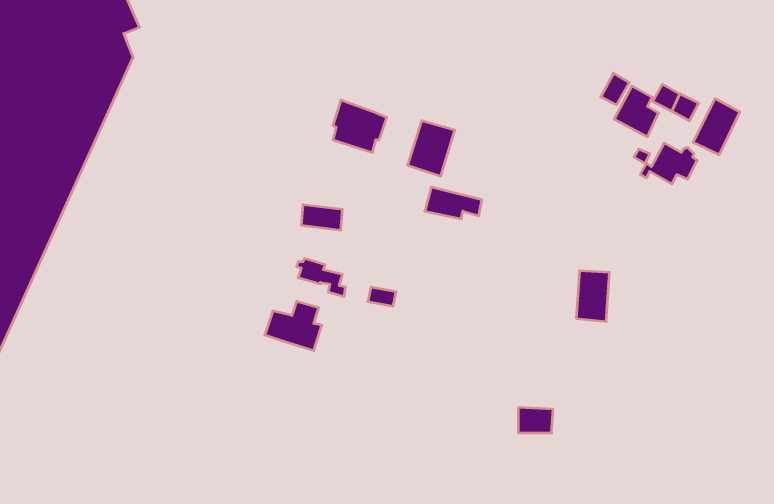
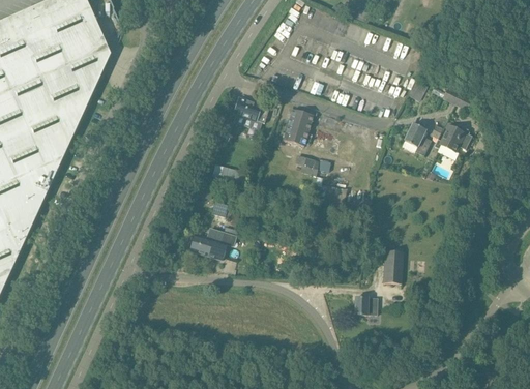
building: [614,86,659,137] -> [403,122,432,155]
building: [693,99,740,155] -> none
building: [576,271,609,322] -> [382,250,404,283]

